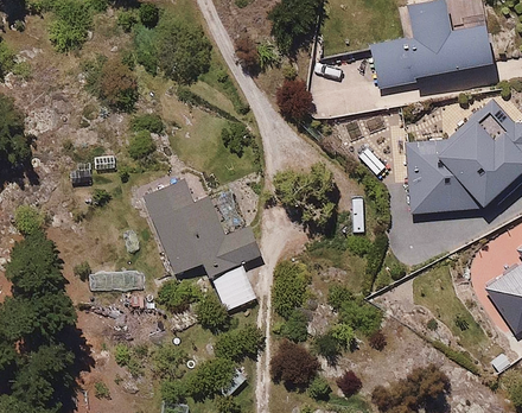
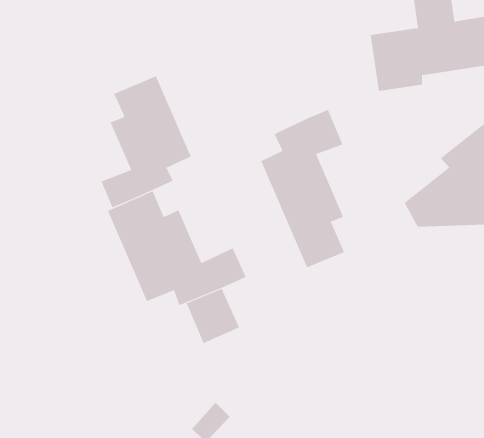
building: none -> [101,75,191,208]
building: none -> [260,109,345,268]

